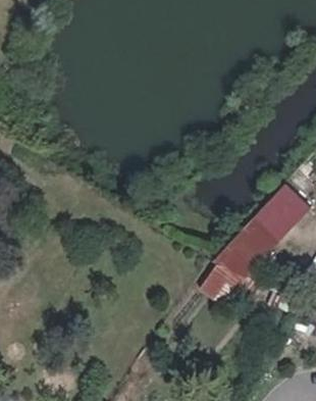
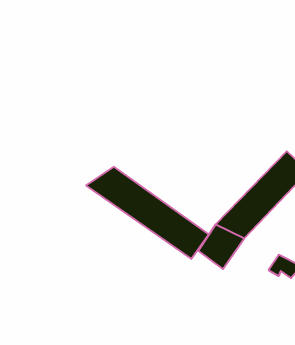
building: none -> [86,167,209,259]

